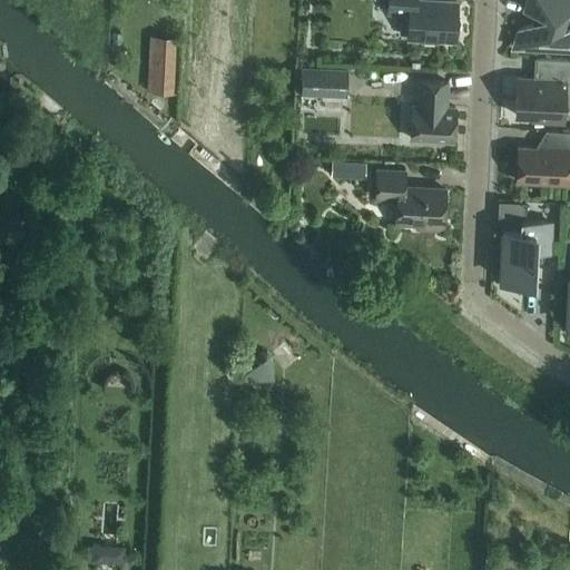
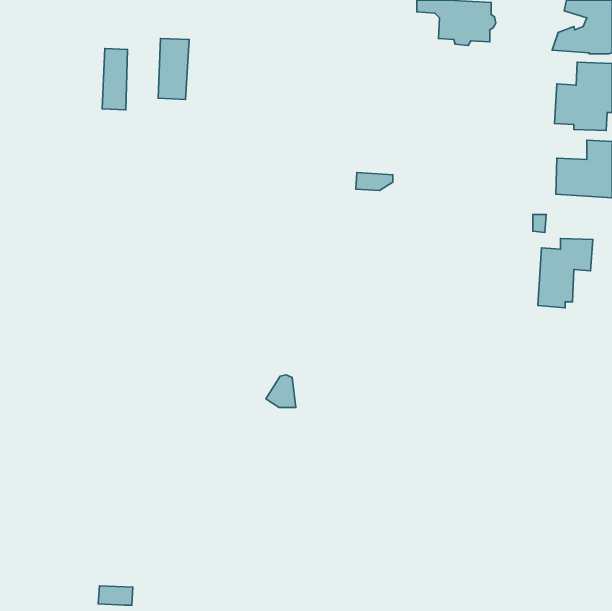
building: none -> [102,49,128,110]
building: [302,67,348,97] -> none
building: [411,81,455,141] -> none
building: [376,170,445,232] -> none

